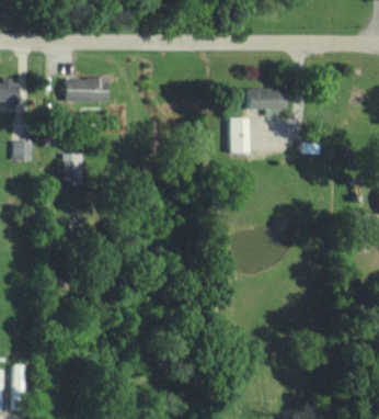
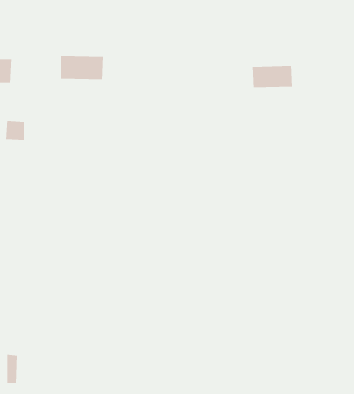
building: [229,117,249,152] -> none
building: [61,154,82,184] -> none

